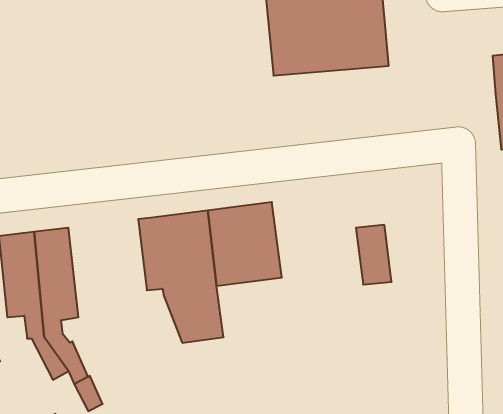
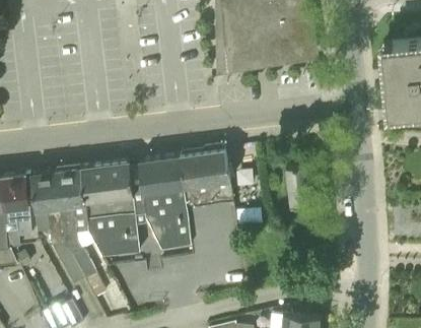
building: none -> [80,162,141,258]

